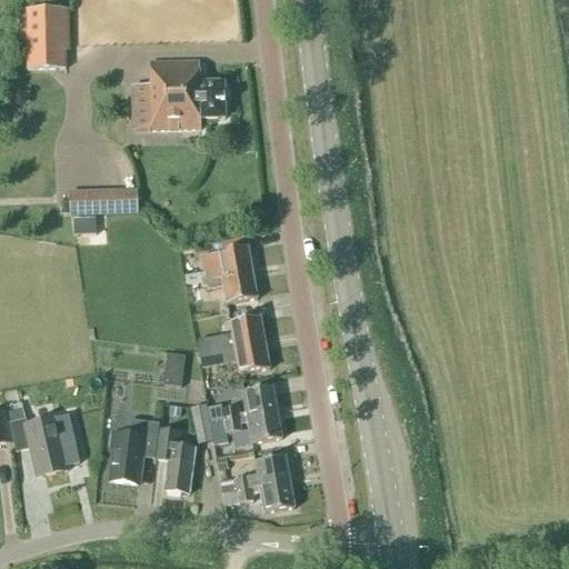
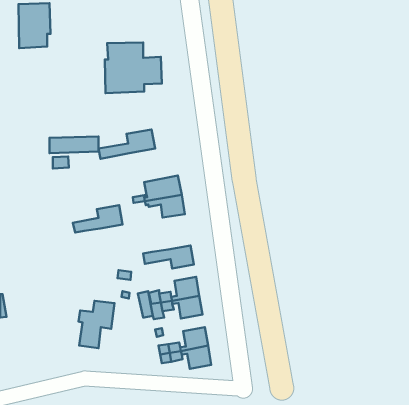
building: none -> [98,130,155,159]
building: [196,313,264,351] -> [73,205,122,232]
building: [7,405,79,475] -> none
building: [157,428,194,491] -> none

